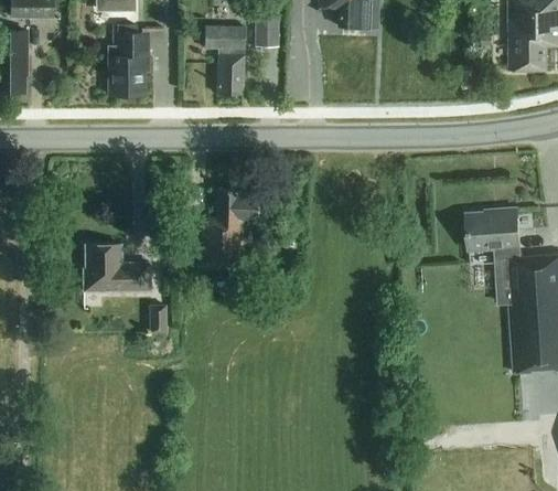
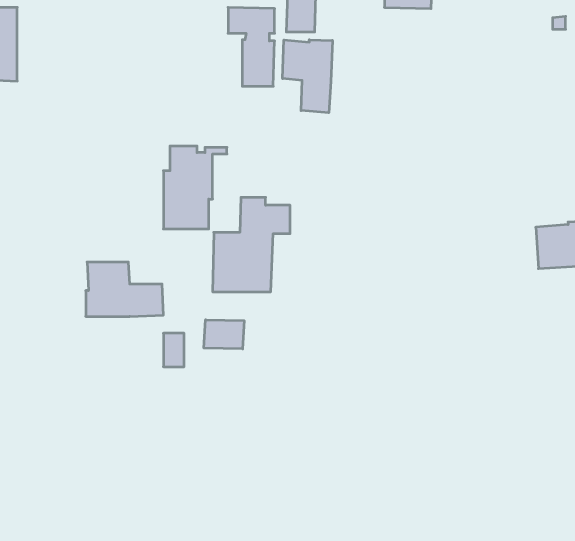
building: [109,25,163,96] -> [163,146,227,229]
building: none -> [283,40,332,113]
building: none -> [204,320,244,349]

